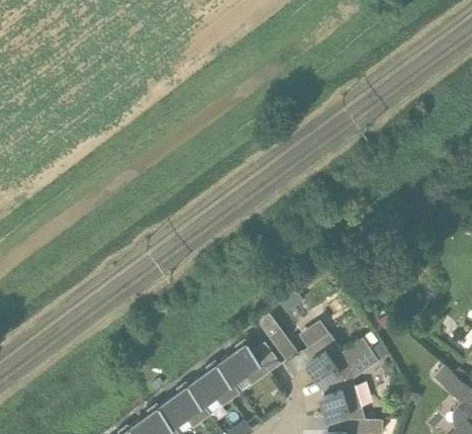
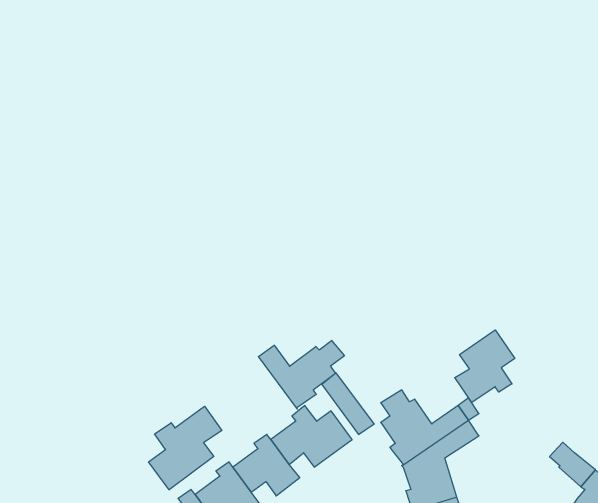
building: none -> [455,330,515,403]
building: none -> [258,340,344,409]
building: none -> [149,406,222,490]

